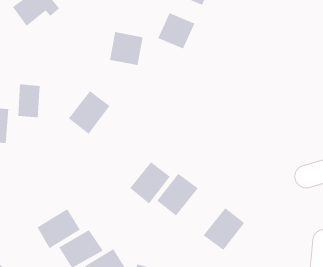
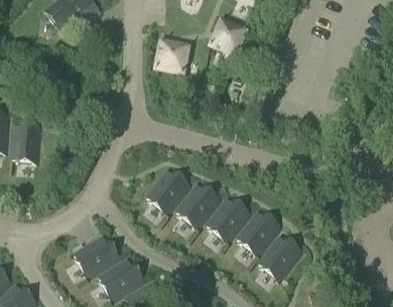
building: [18,84,41,118] -> none
building: [68,90,111,135] -> [145,165,192,214]
building: none -> [236,207,282,256]

